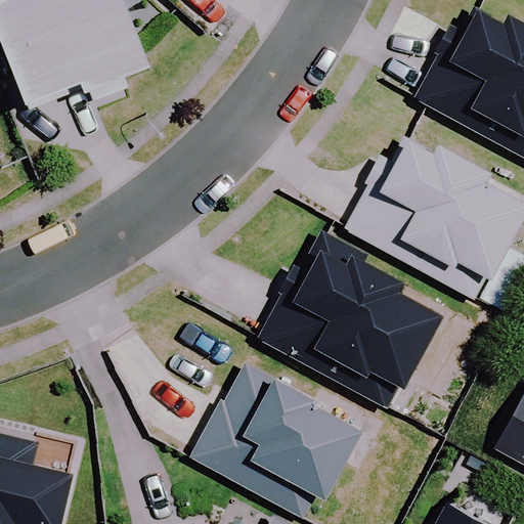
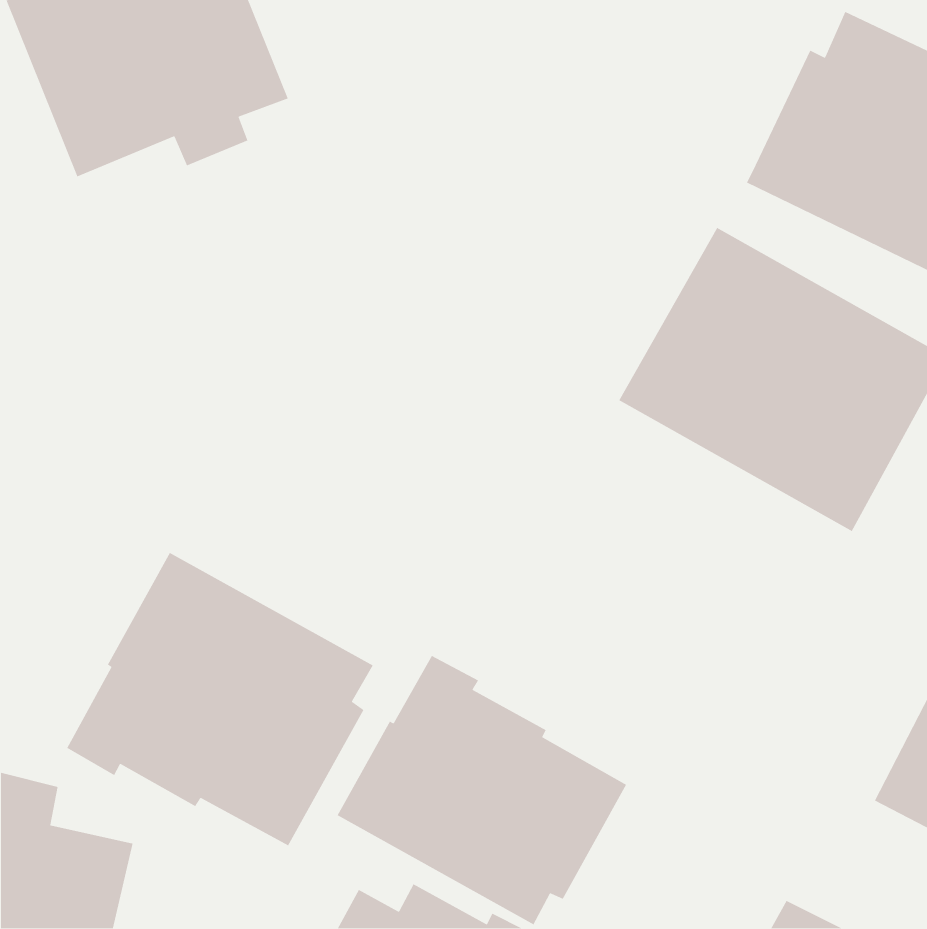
building: [262,235,439,395] -> none
building: none -> [66,552,374,847]

